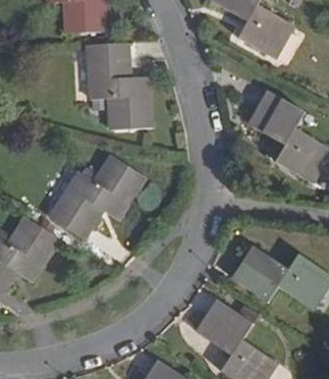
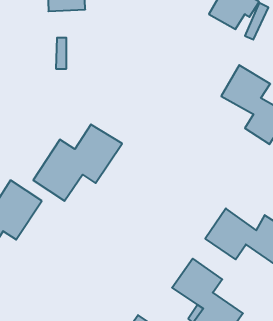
building: [86,43,150,128] -> none

